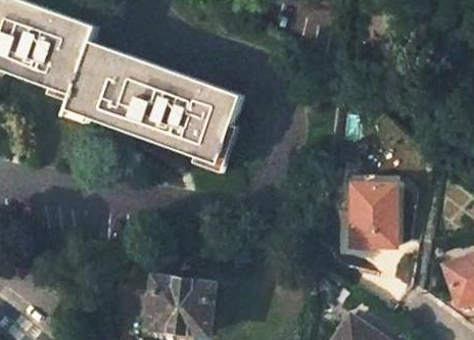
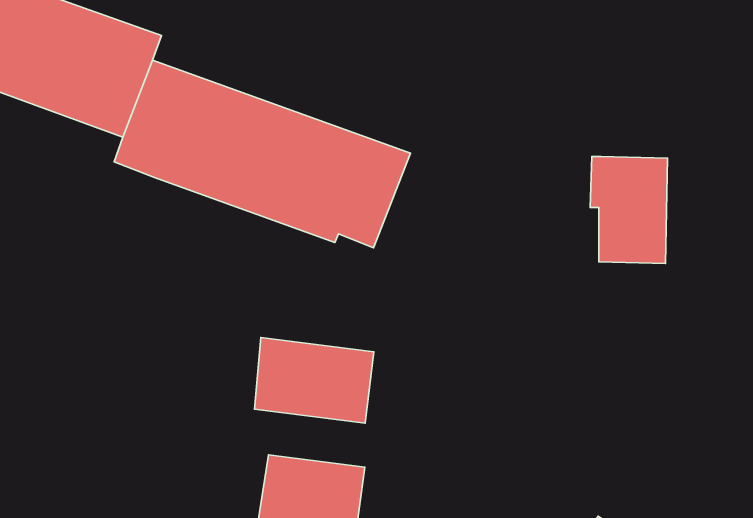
building: [351,184,396,246] -> [590,157,667,264]
building: none -> [254,337,374,423]

